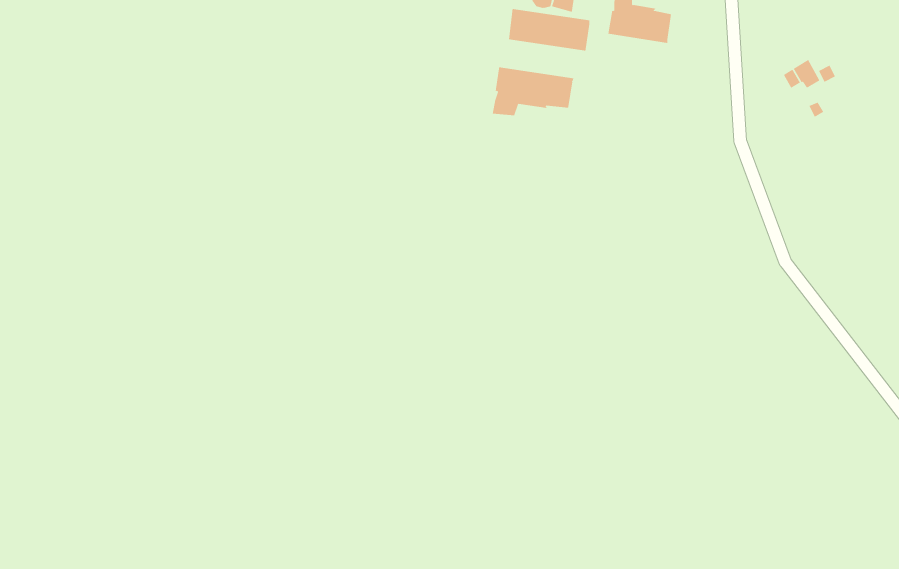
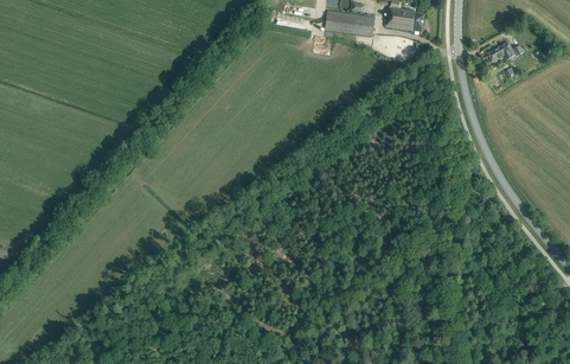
building: [492,67,574,116] -> none

